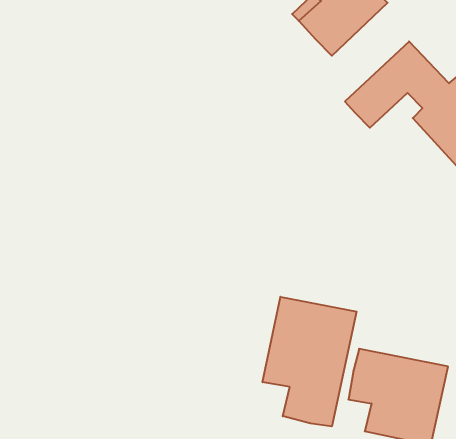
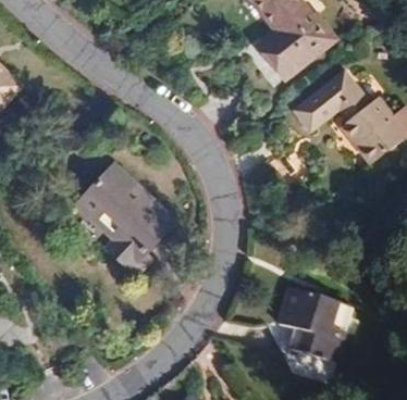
building: none -> [77,166,173,272]
building: [263,297,357,426] -> none

